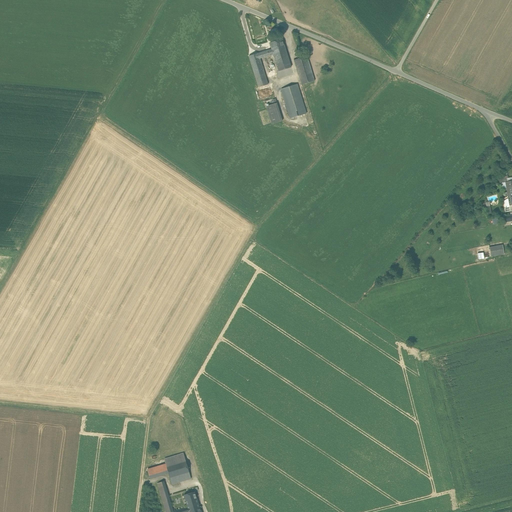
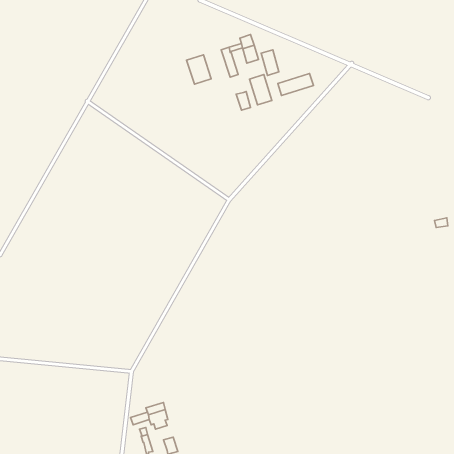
building: none -> [187,55,211,84]
building: none -> [278,73,313,95]

